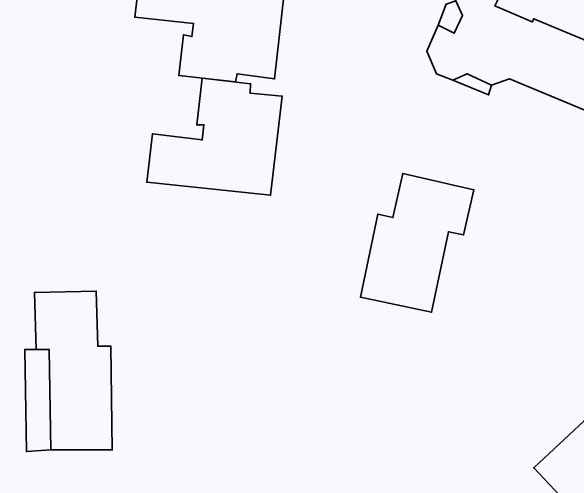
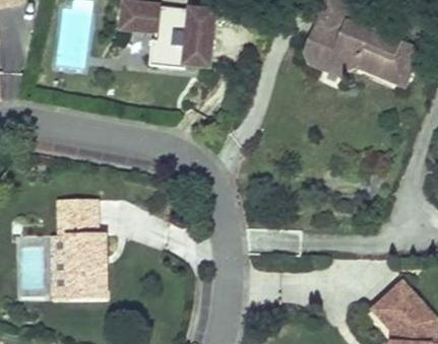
building: [147,78,282,195] -> none
building: [360,174,474,312] -> none

